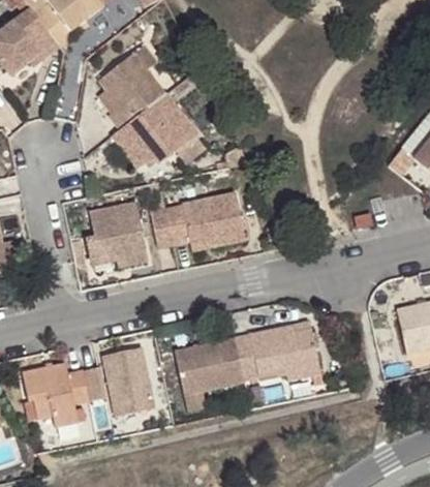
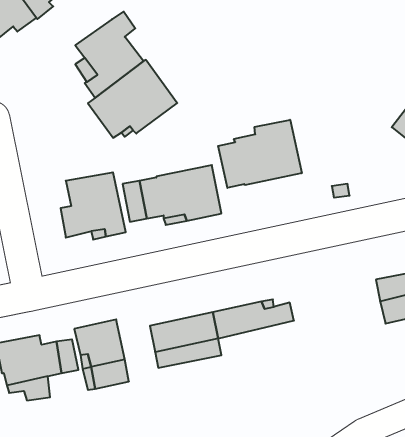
building: none -> [218,120,302,188]
building: [241,346,320,381] -> none

